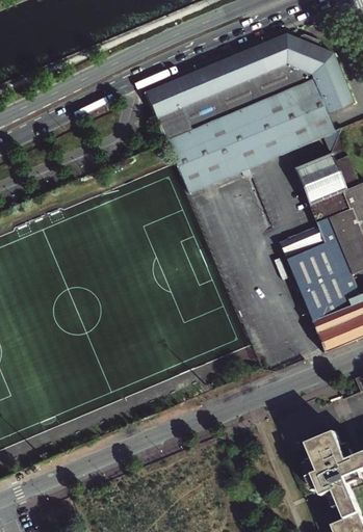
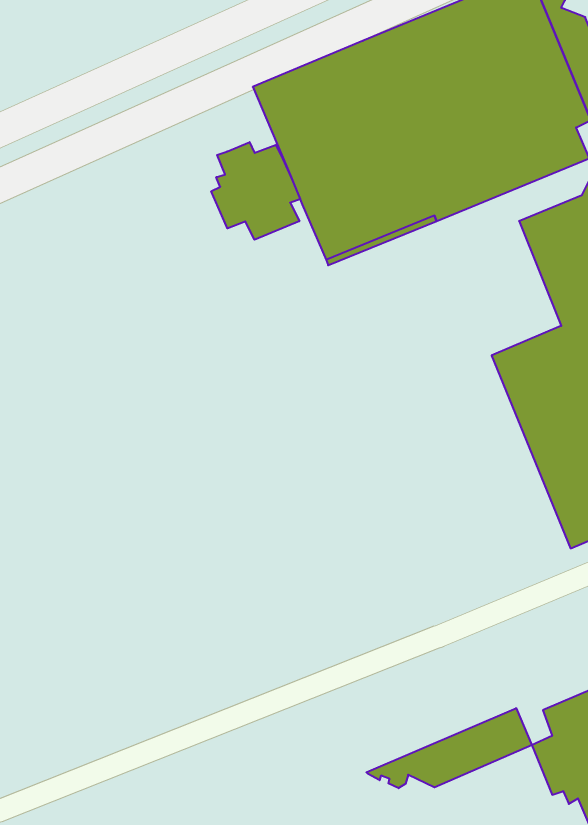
building: none -> [211,142,300,240]
building: none -> [366,708,532,788]

